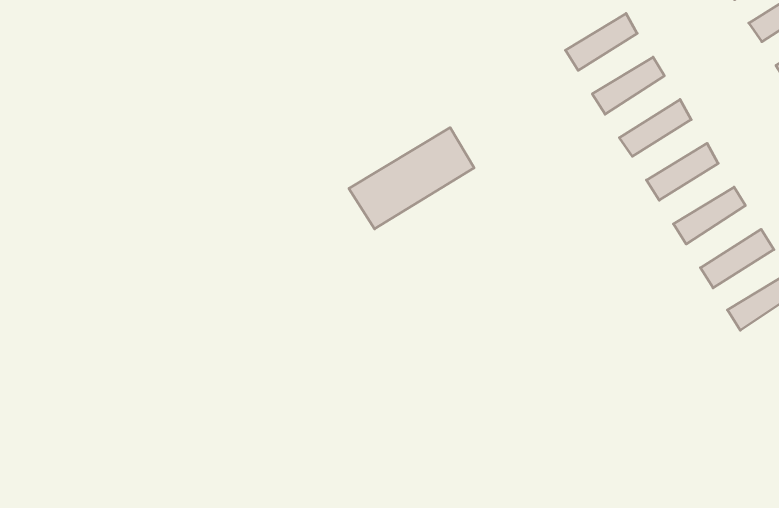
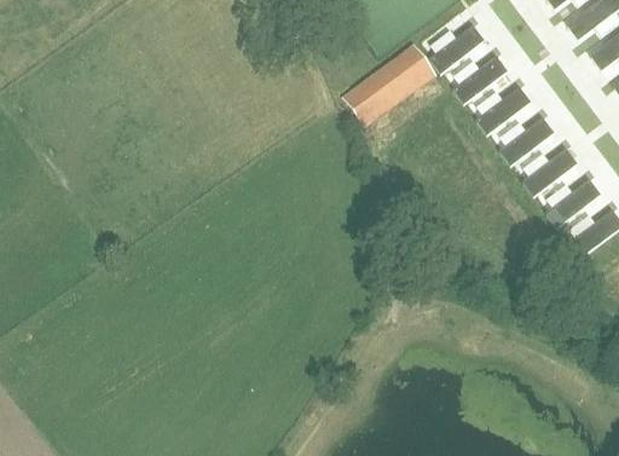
building: [349,128,474,229] -> [341,42,434,123]

